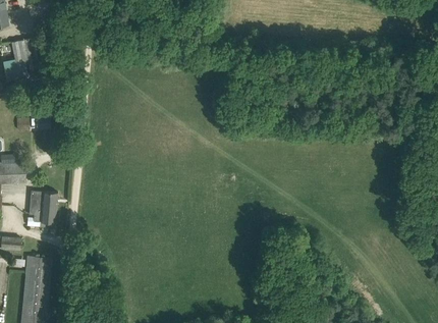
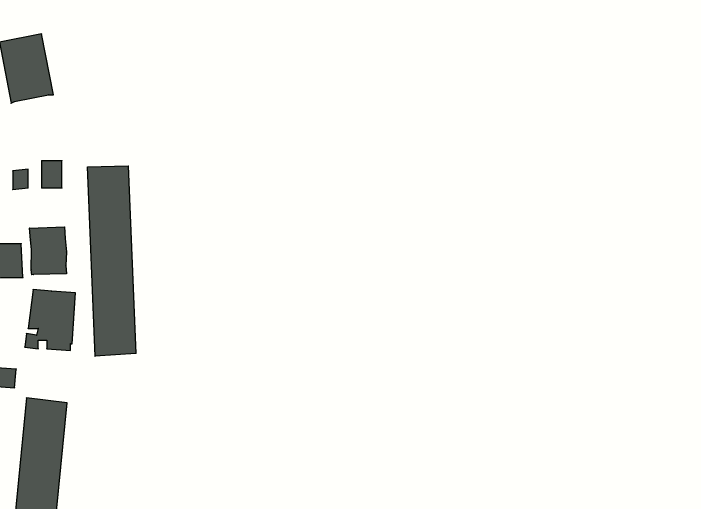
building: none -> [88,166,136,356]
building: none -> [30,227,66,275]

